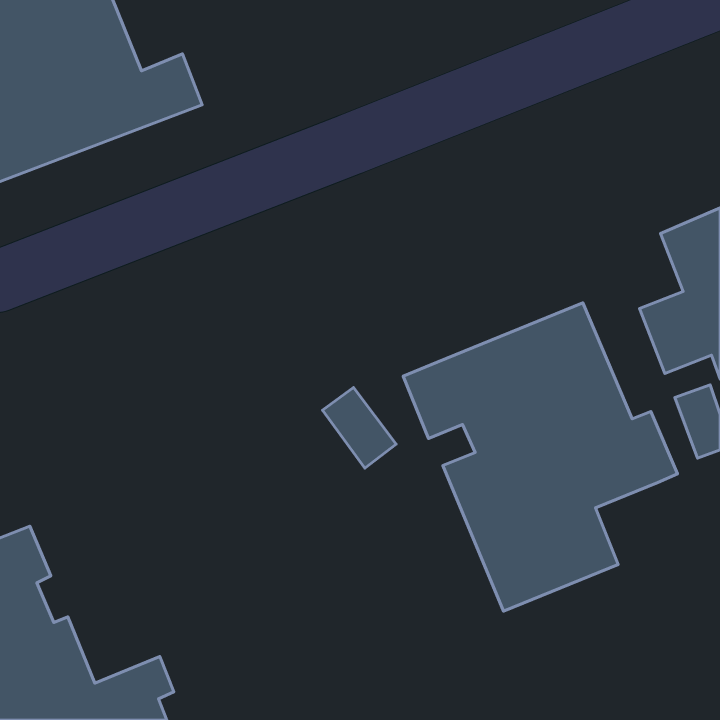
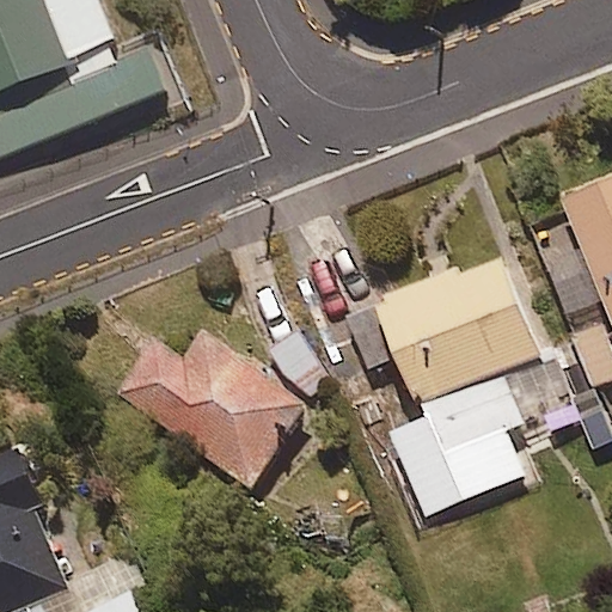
building: none -> [118,329,312,486]

